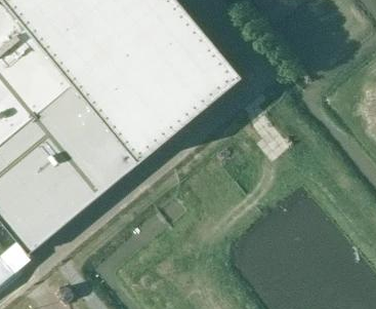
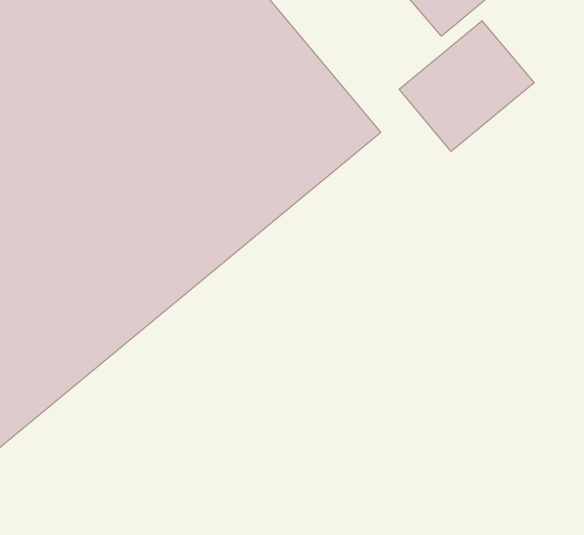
building: none -> [399,21,534,151]

